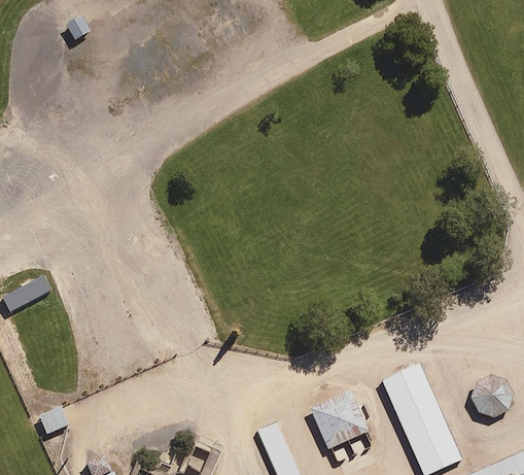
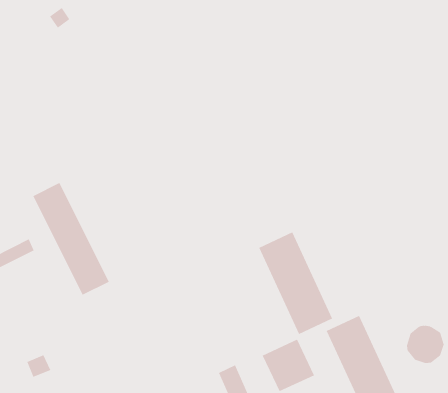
building: none -> [33,182,109,296]
building: none -> [258,232,333,335]

